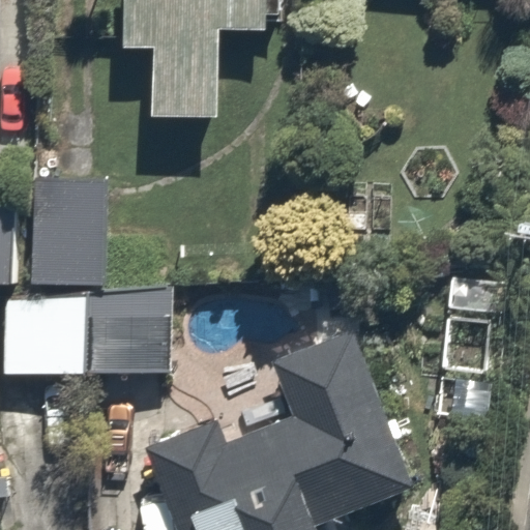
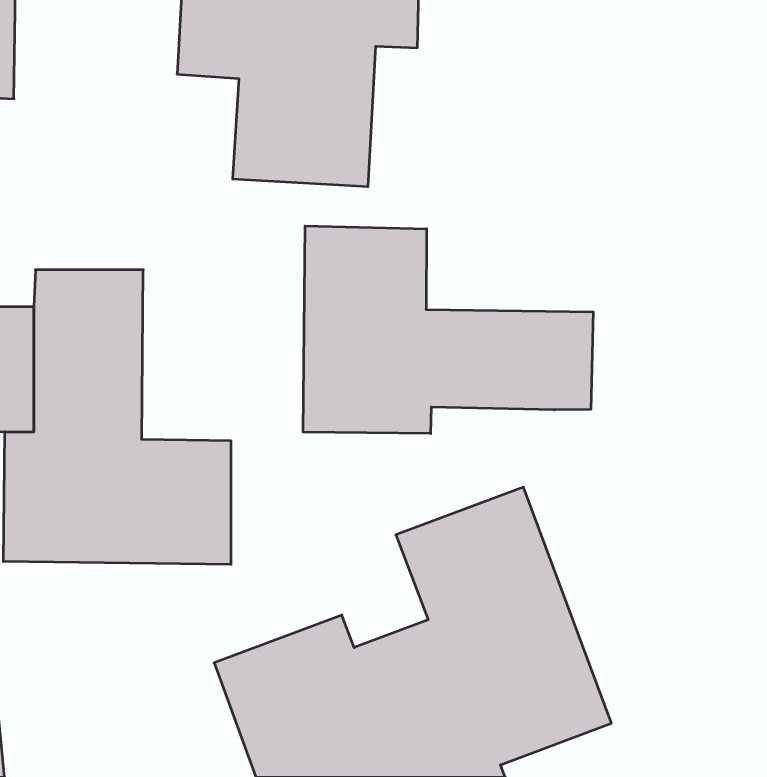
building: none -> [303,226,593,434]

